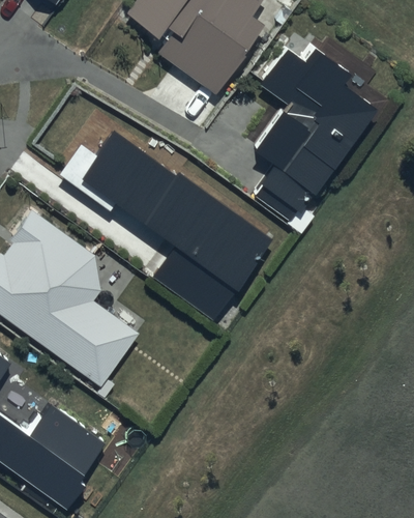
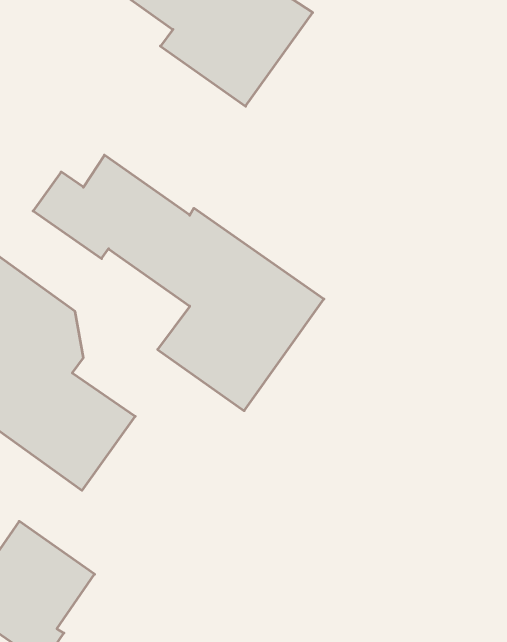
building: [250,48,380,221] -> none

